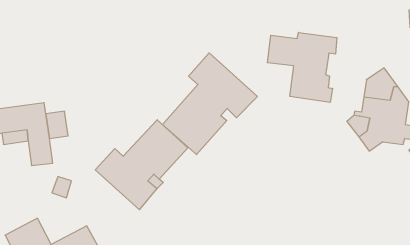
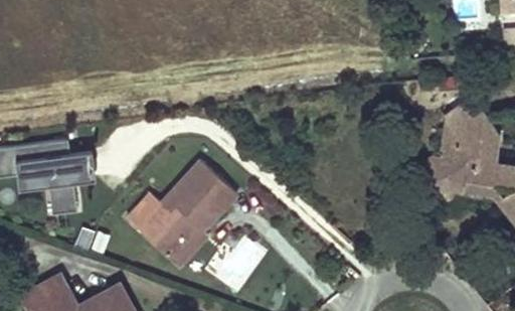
building: [267,32,337,102] -> none
building: [163,53,257,155] -> none

